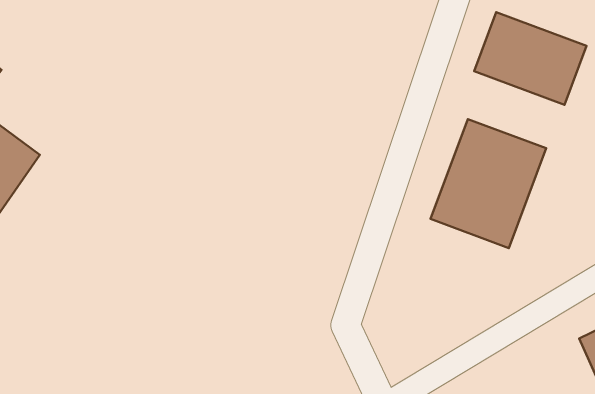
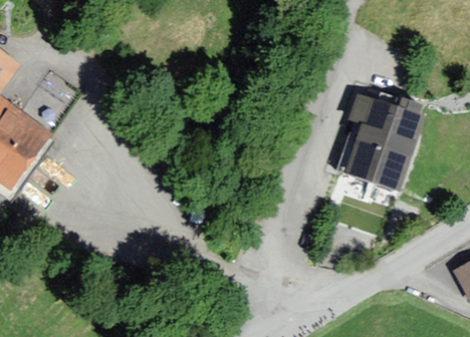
building: [474,12,587,105] -> none

